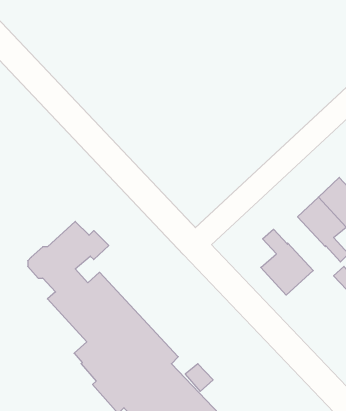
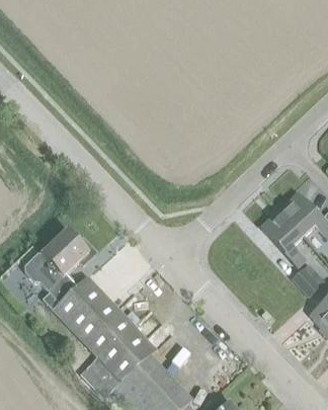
building: [261,229,313,295] -> none

